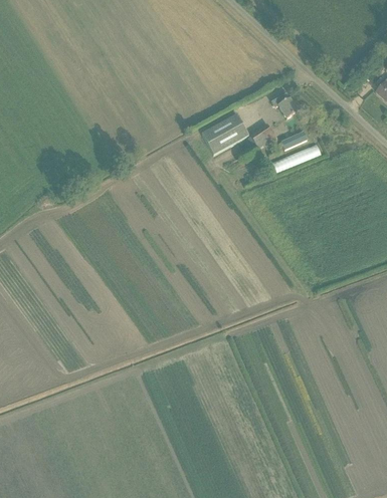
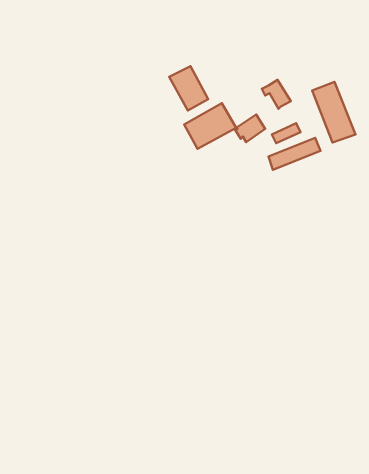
building: none -> [169,66,208,110]
building: none -> [312,82,355,142]

